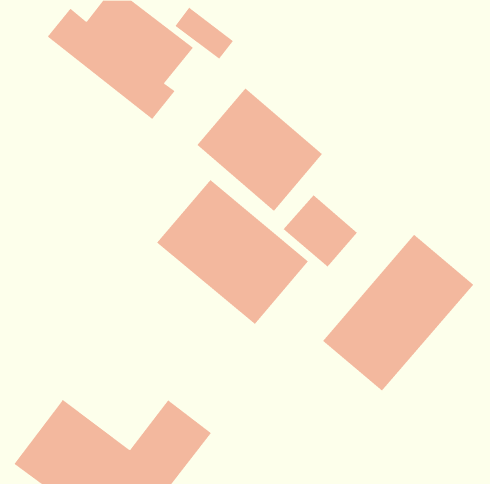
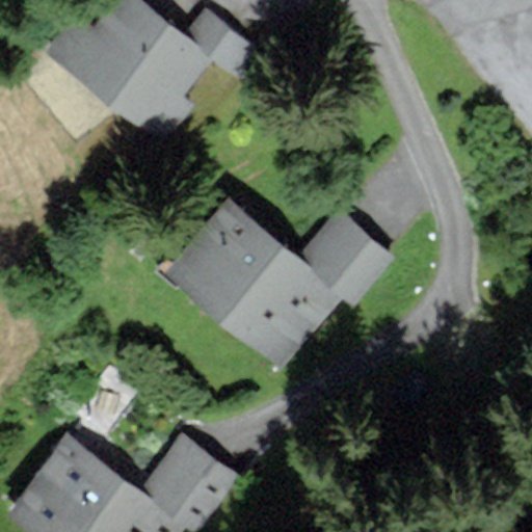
building: [197,87,323,212] -> none
building: [322,234,474,392] -> none

